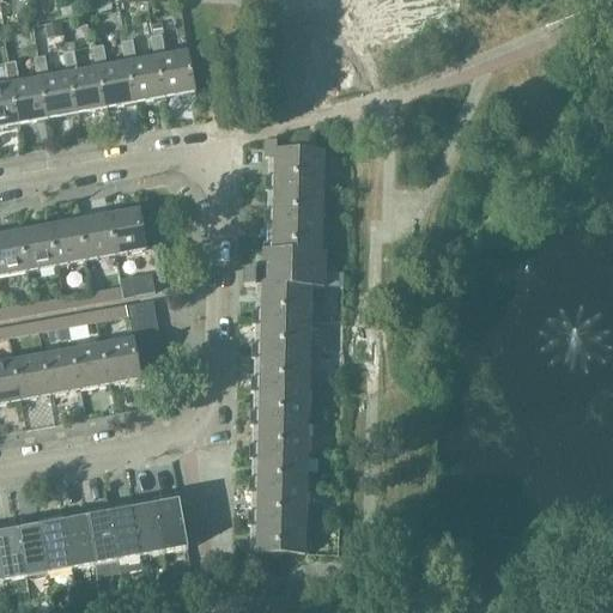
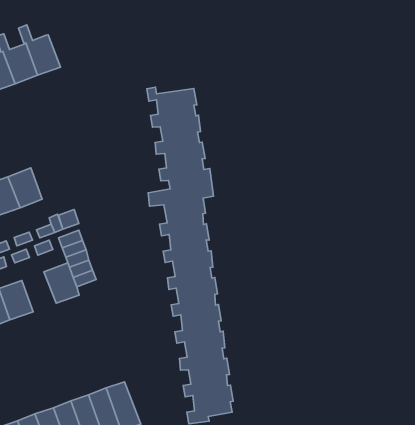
building: [151,31,195,95] -> none
building: [108,206,146,251] -> none
building: [73,340,110,387] -> none

